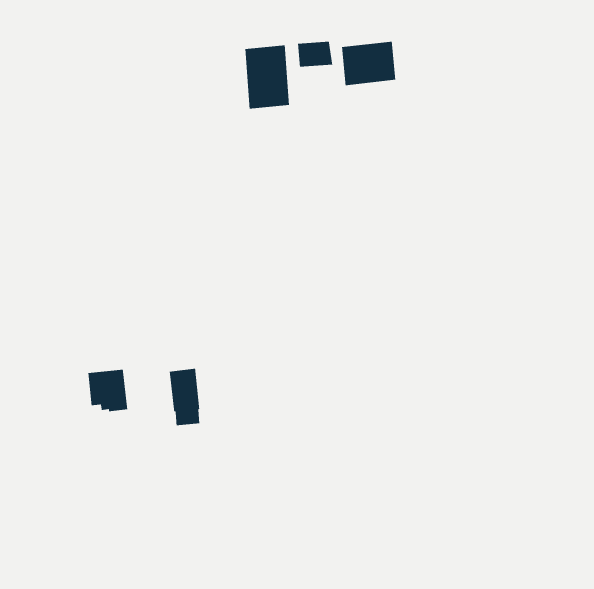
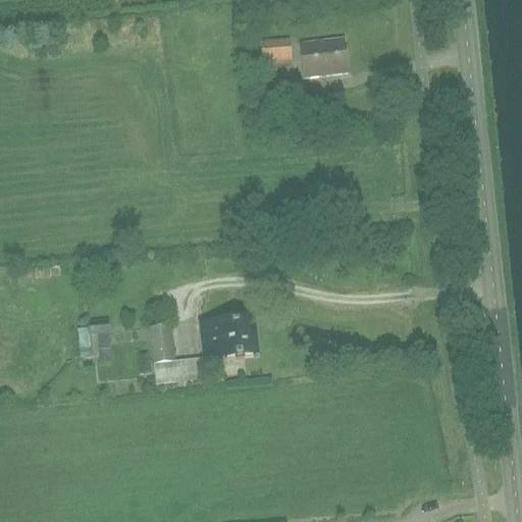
building: [245,44,290,110] -> none
building: none -> [203,317,256,356]

